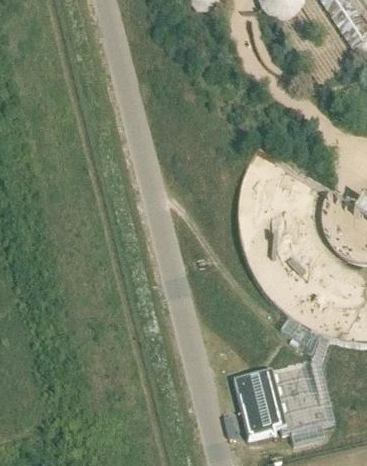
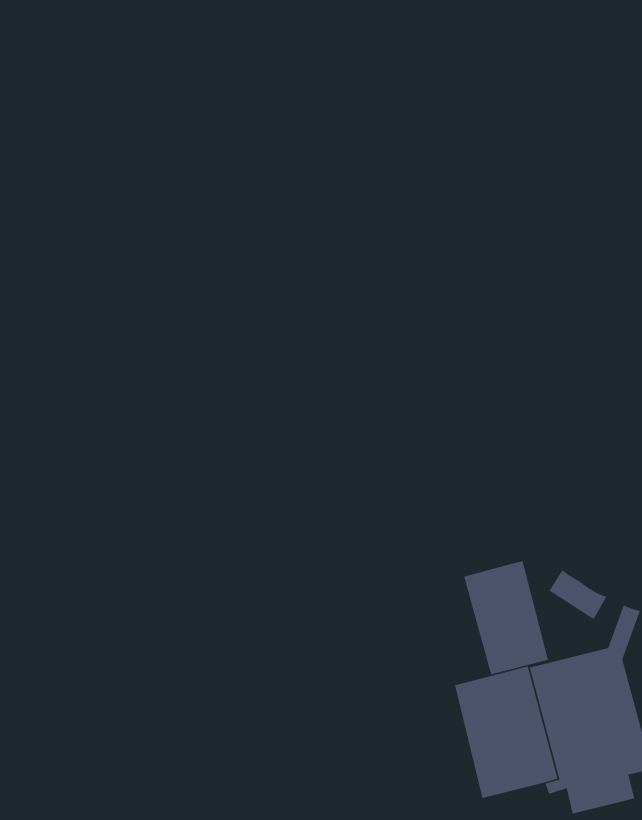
building: none -> [463,560,549,675]

